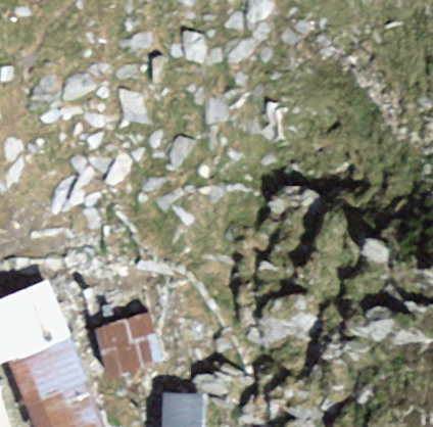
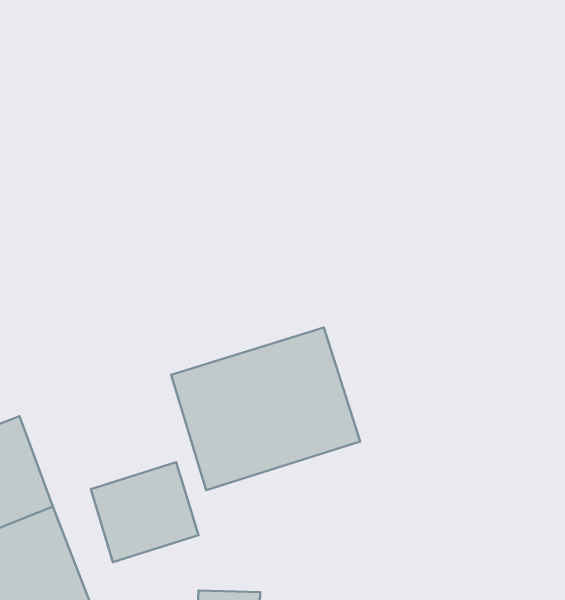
building: none -> [171,327,360,490]

